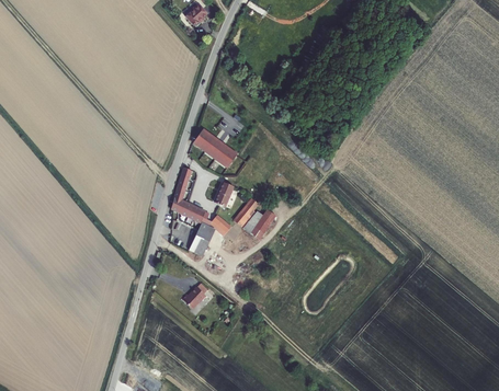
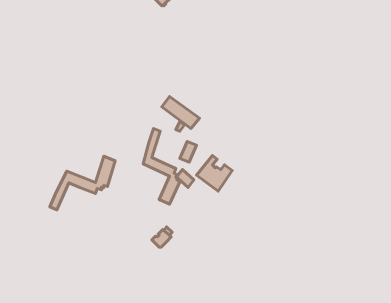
building: none -> [50,156,115,210]

